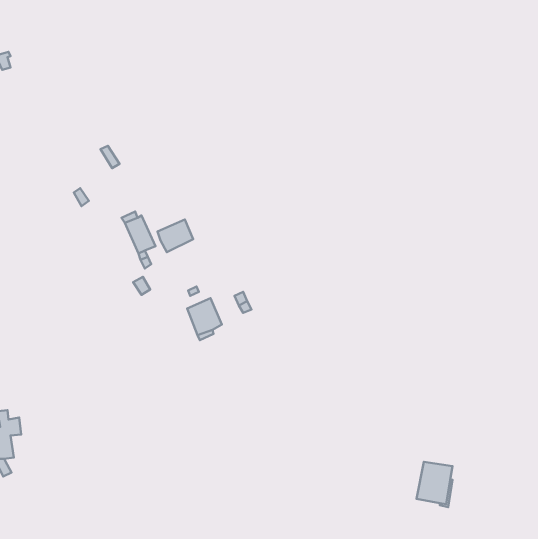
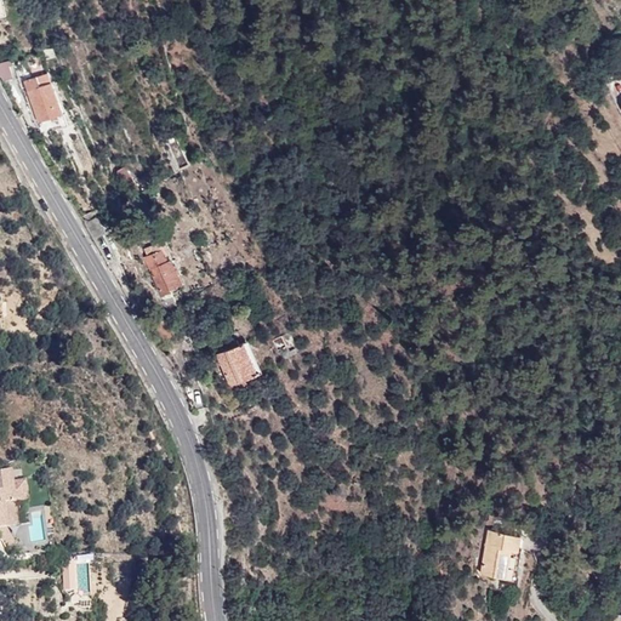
building: none -> [23,73,62,123]
building: [158,219,193,252] -> none

